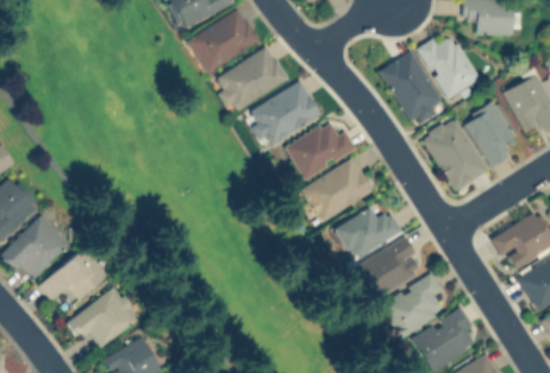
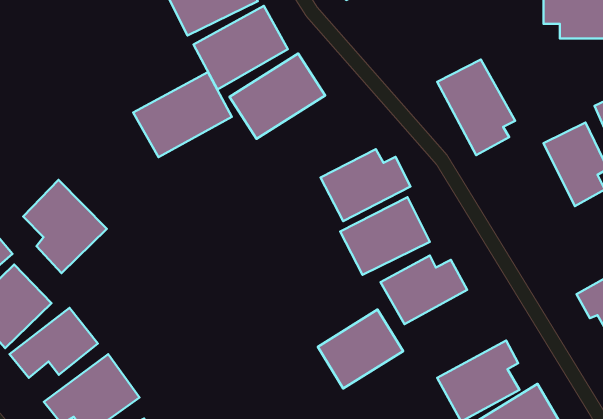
building: [417,36,481,100] -> none
building: [243,81,321,148] -> [133,72,232,157]
building: [420,116,488,192] -> none
building: none -> [23,180,107,273]
building: [357,236,425,299] -> [318,309,403,389]

